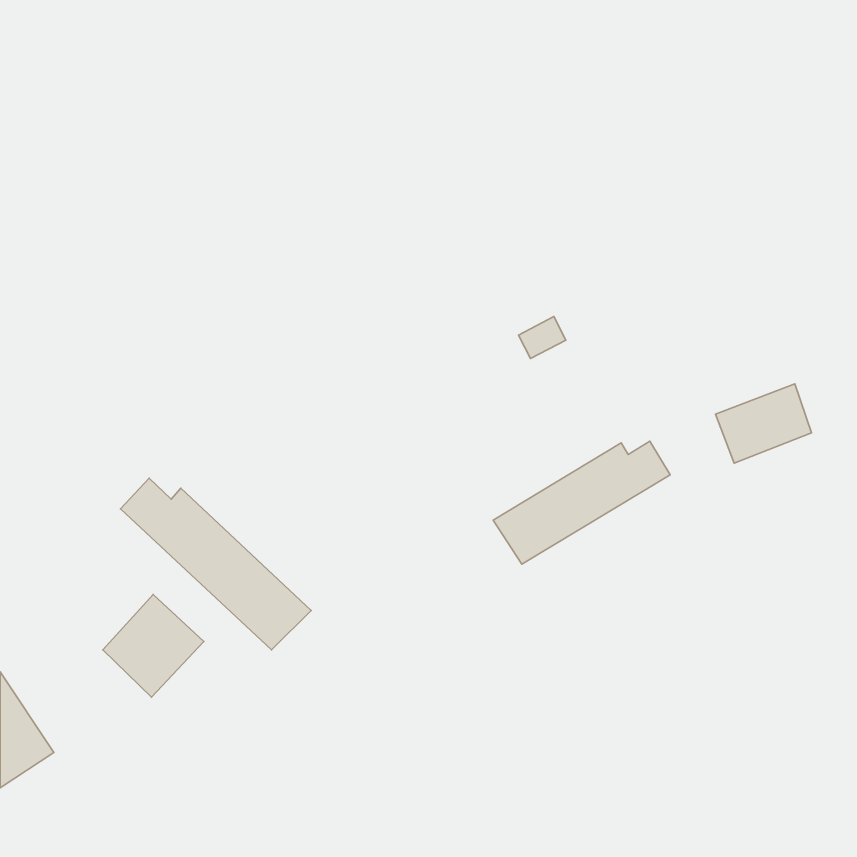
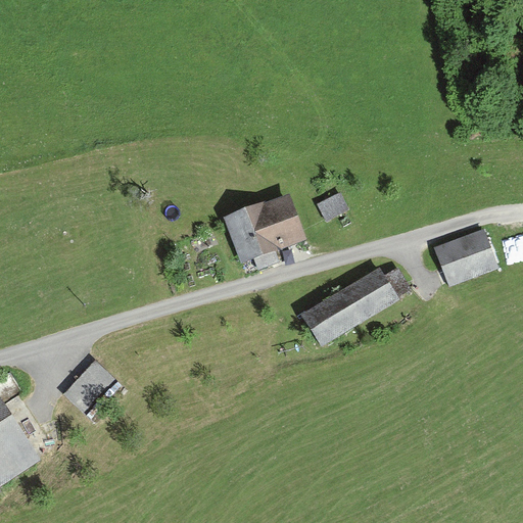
building: none -> [228,199,300,267]
building: [120,478,311,650] -> none

